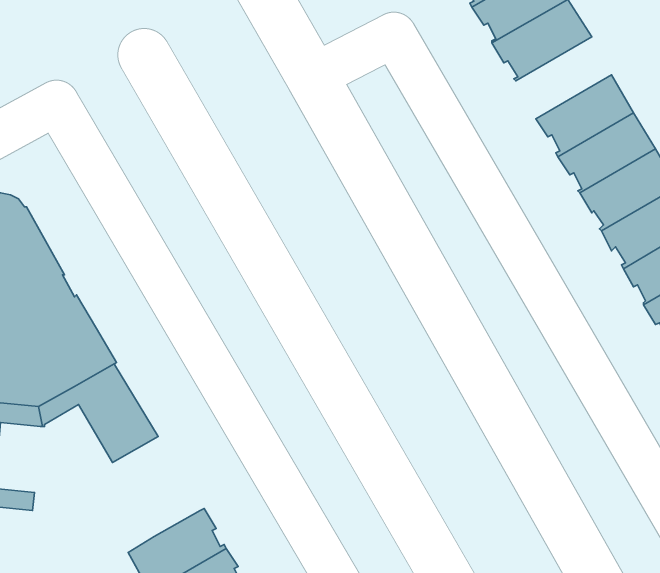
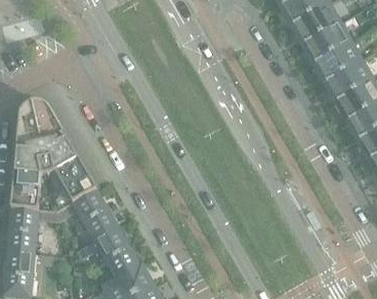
building: none -> [301,22,350,63]
building: none -> [77,226,139,277]

